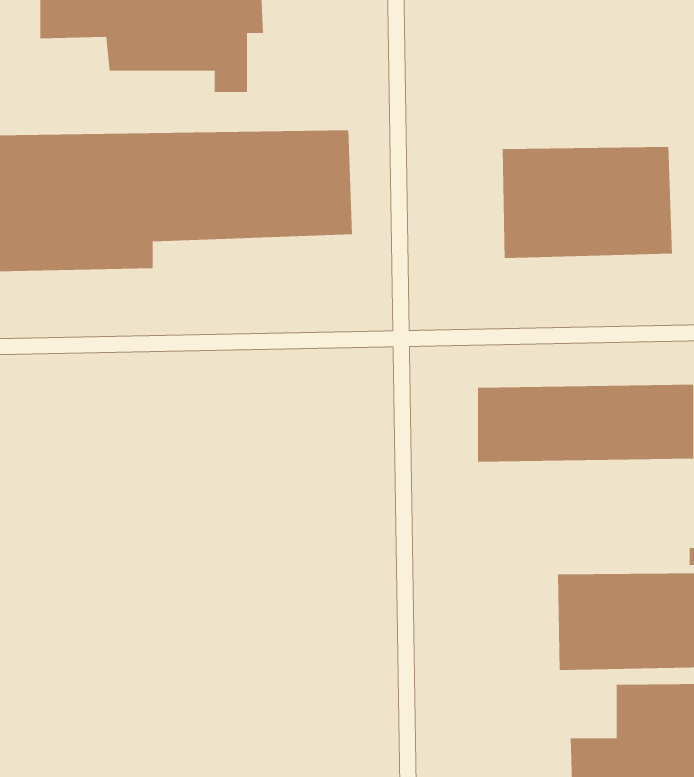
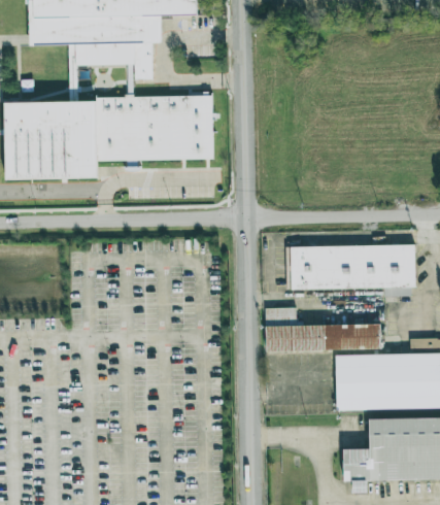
building: [502,146,672,259] -> none
building: none -> [264,308,379,350]

